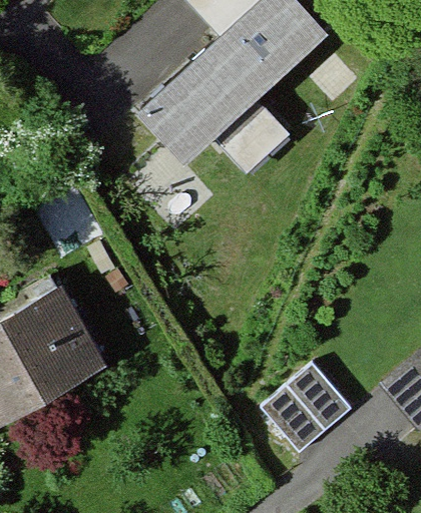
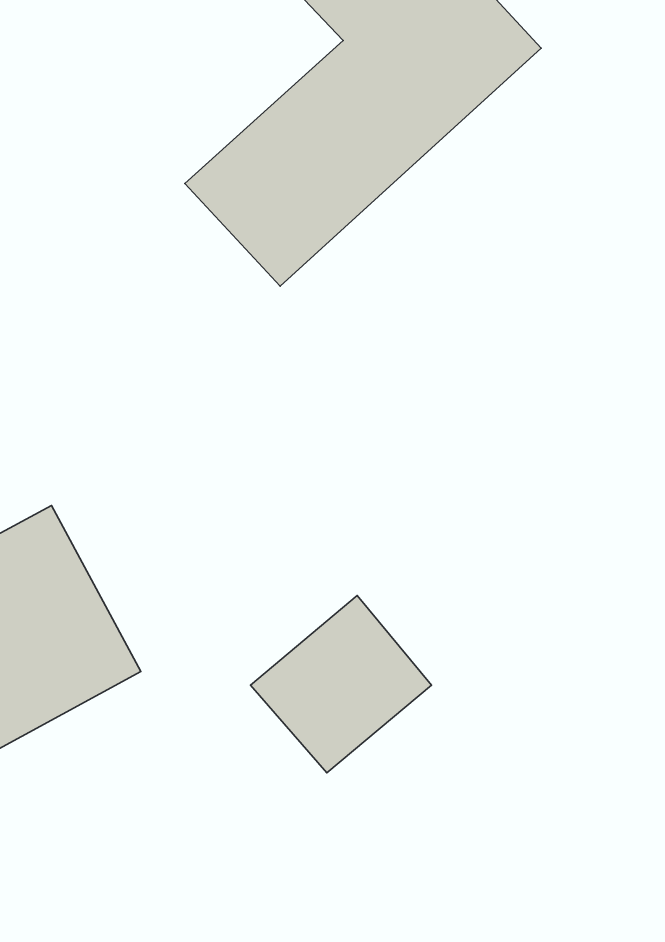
building: [263,366,358,459] -> [250,596,432,773]

